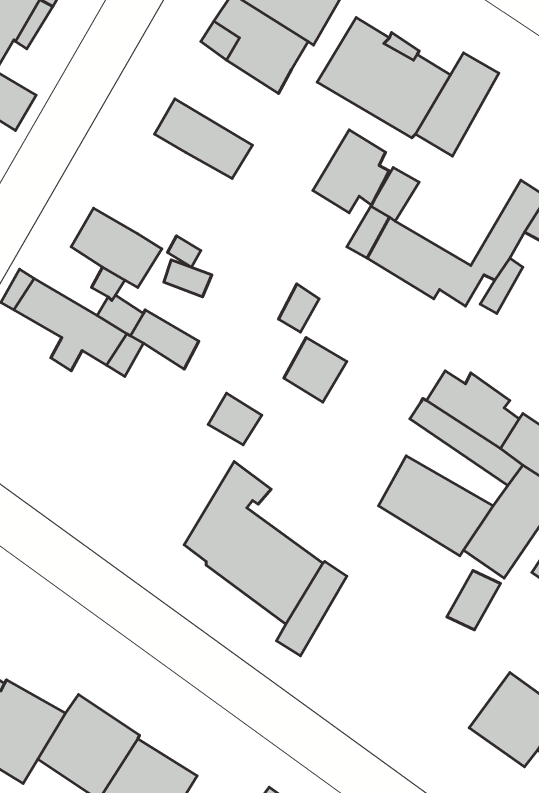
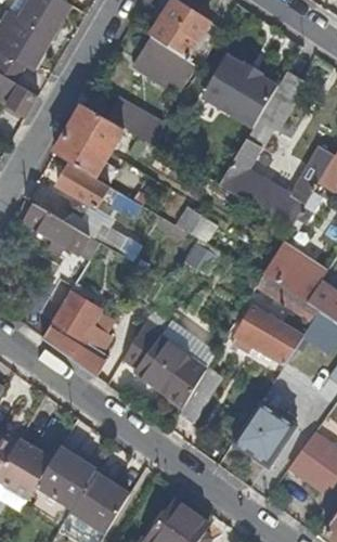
building: none -> [53,104,124,177]
building: [313,130,389,213] -> none
building: none -> [42,291,117,378]
building: none -> [232,400,295,466]

